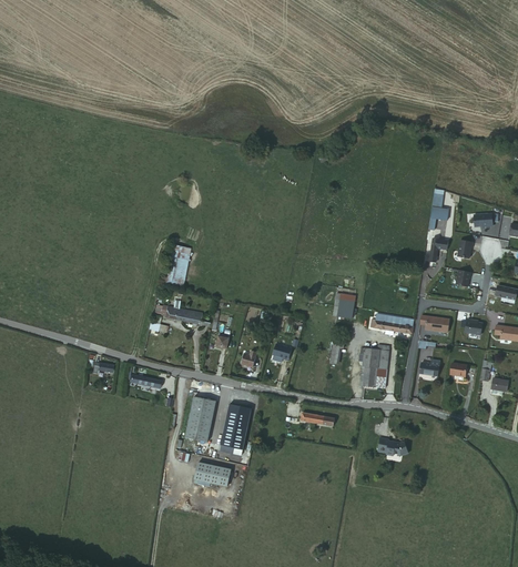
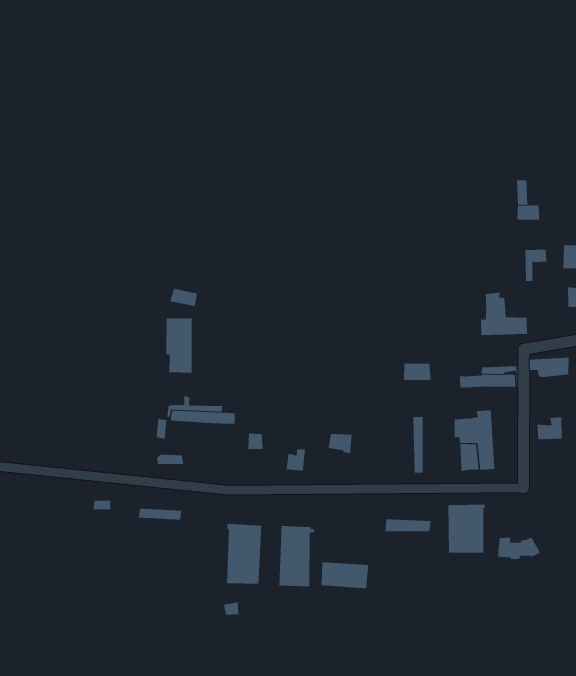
building: none -> [480,292,527,336]
building: none -> [448,504,486,553]
building: [194,463,231,487] -> [321,562,369,589]

